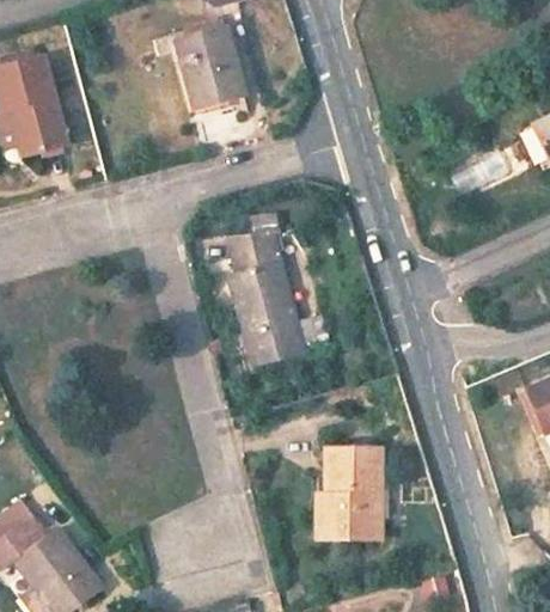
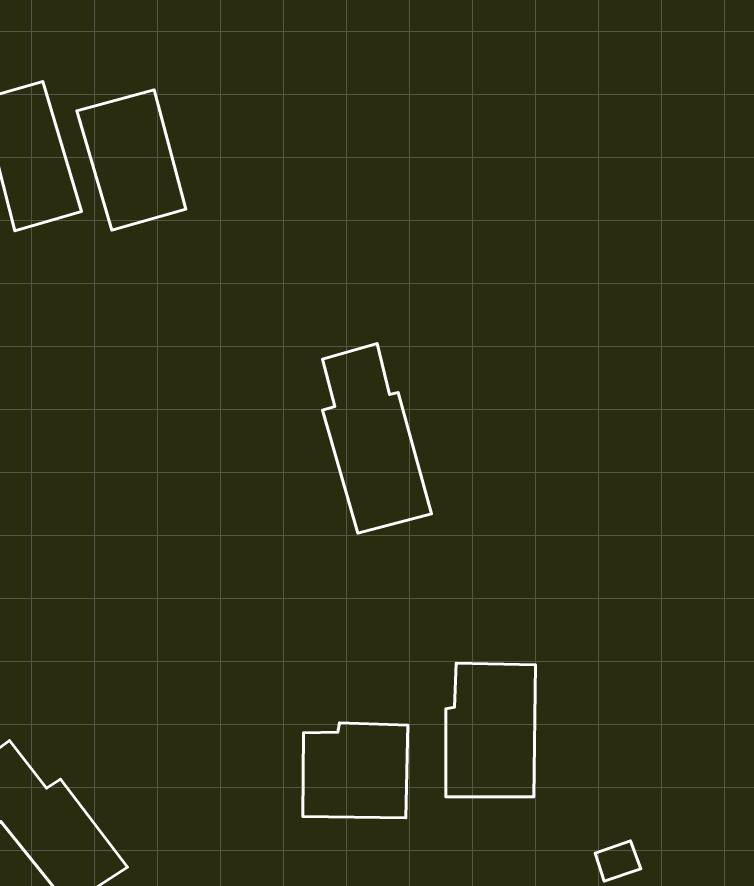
building: [172,12,246,108] -> [77,90,186,230]
building: none -> [303,723,408,818]

